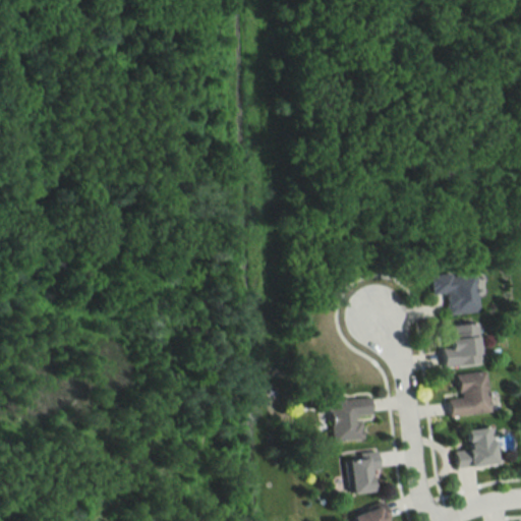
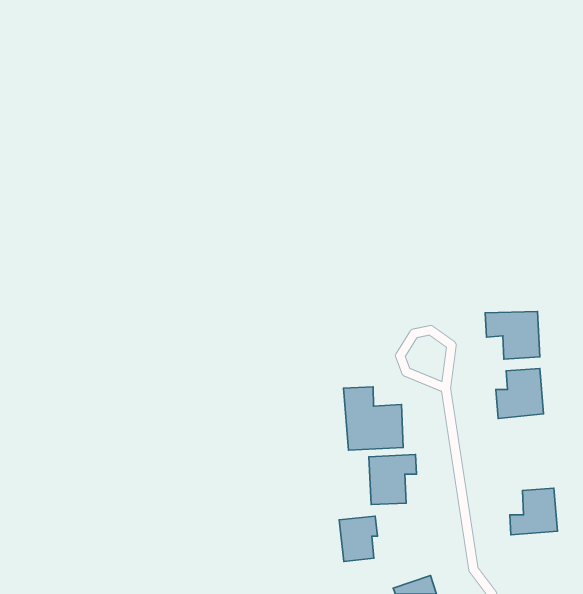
building: none -> [344,387,403,450]
building: [451,371,494,416] -> none
building: [348,454,382,494] -> [339,516,377,562]

